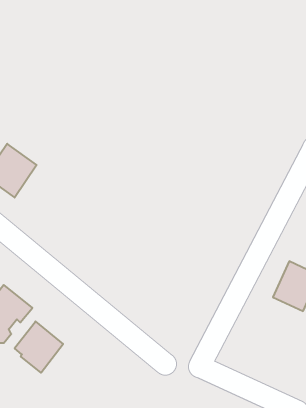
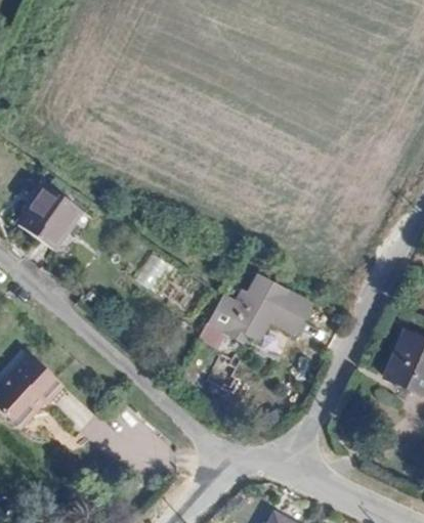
building: none -> [220,270,309,338]
building: [15,321,63,373] -> none

